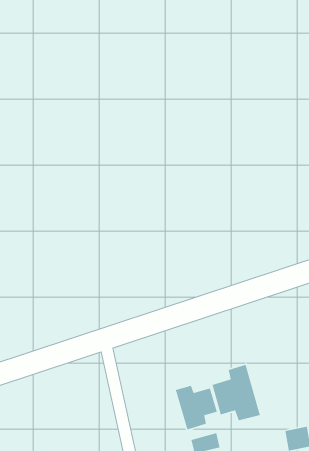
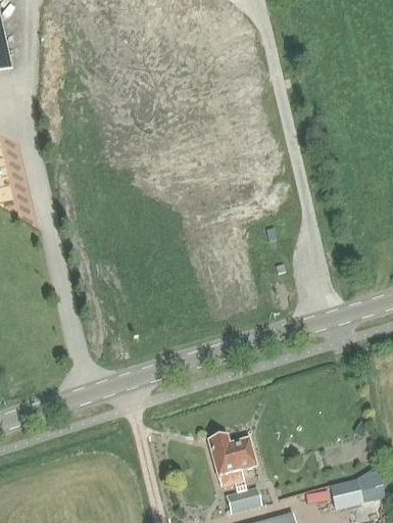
building: [211,364,261,421] -> none

